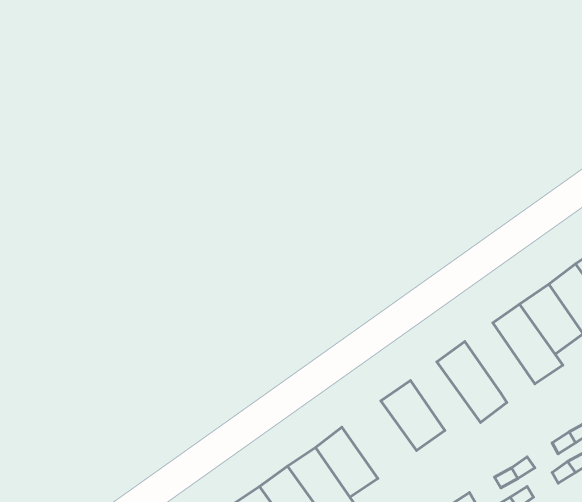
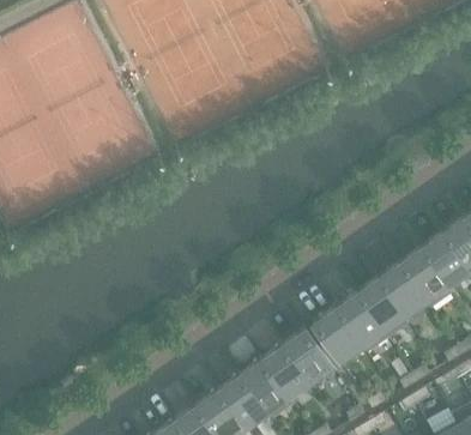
building: none -> [376,265,424,319]
building: none -> [334,295,388,356]
building: none -> [282,330,332,385]

